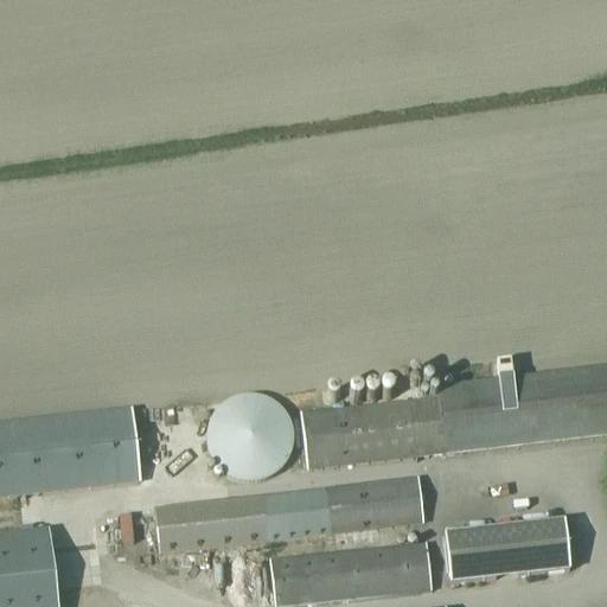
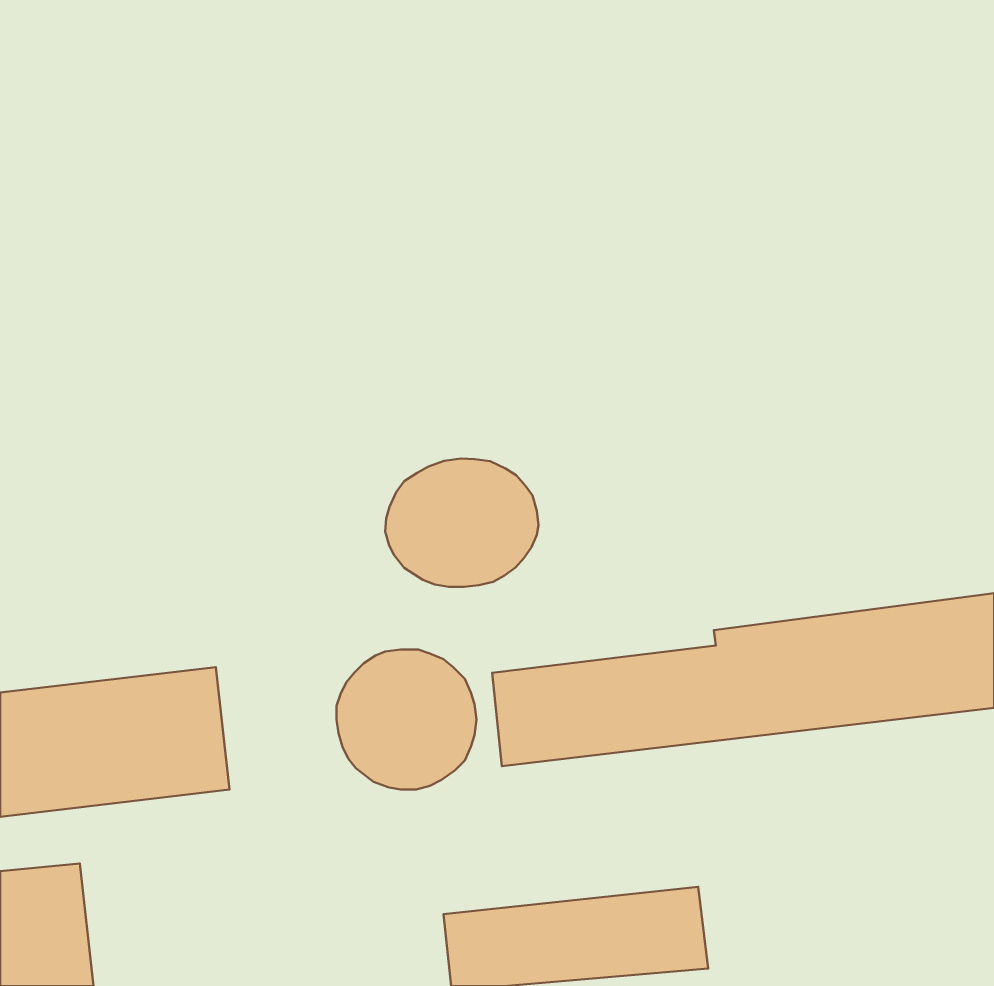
building: none -> [385,459,539,587]
building: [153,474,423,554] -> none
building: [445,519,570,583] -> none

